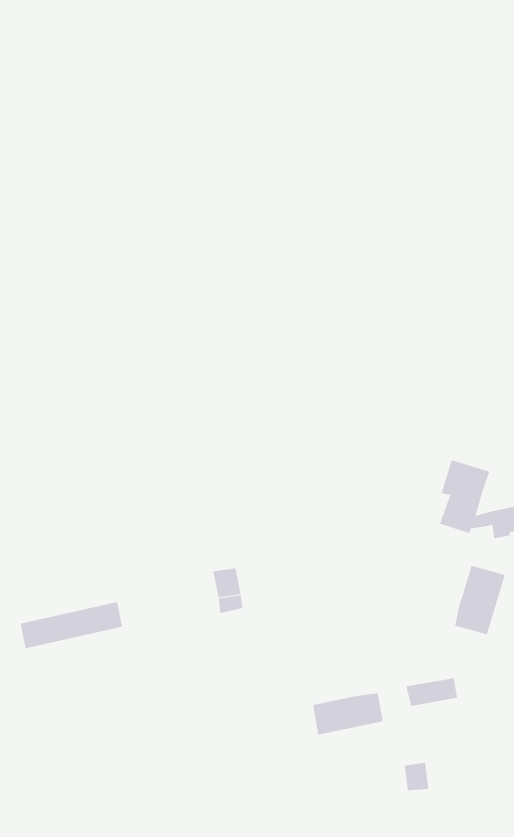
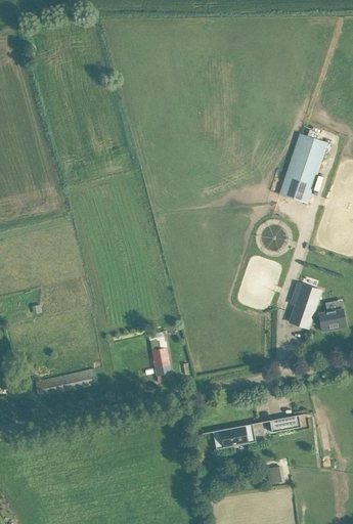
building: none -> [279,132,327,203]
building: [454,565,506,635] -> none

